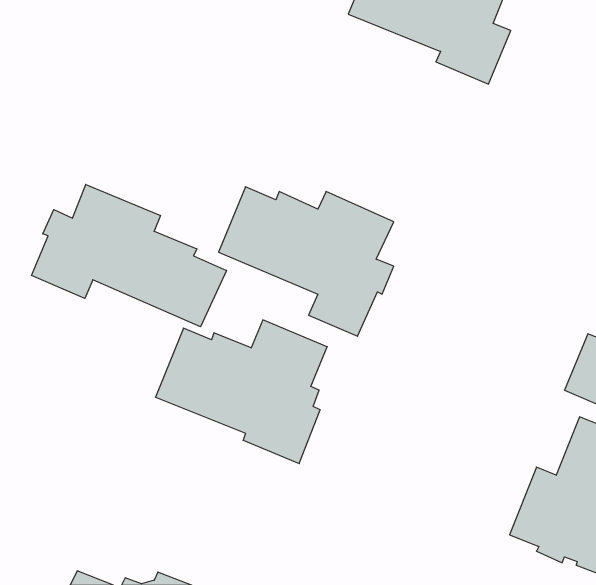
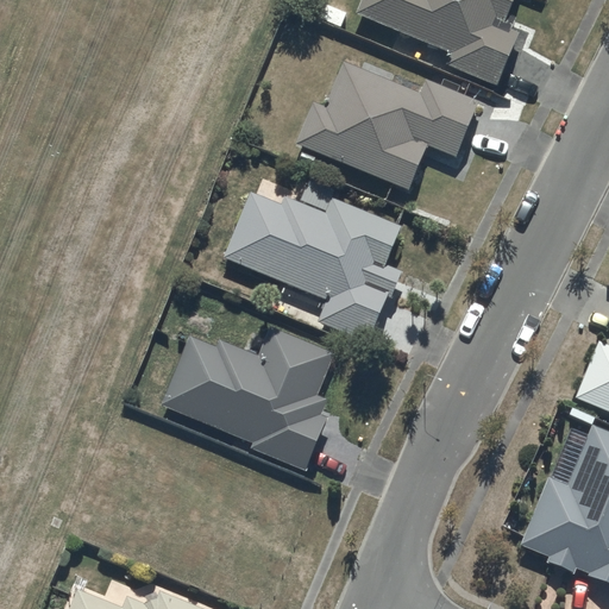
building: none -> [295,61,477,190]
building: [32,184,227,327] -> none

